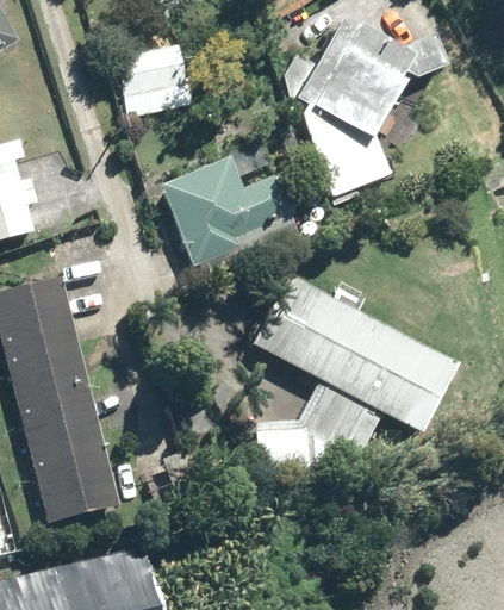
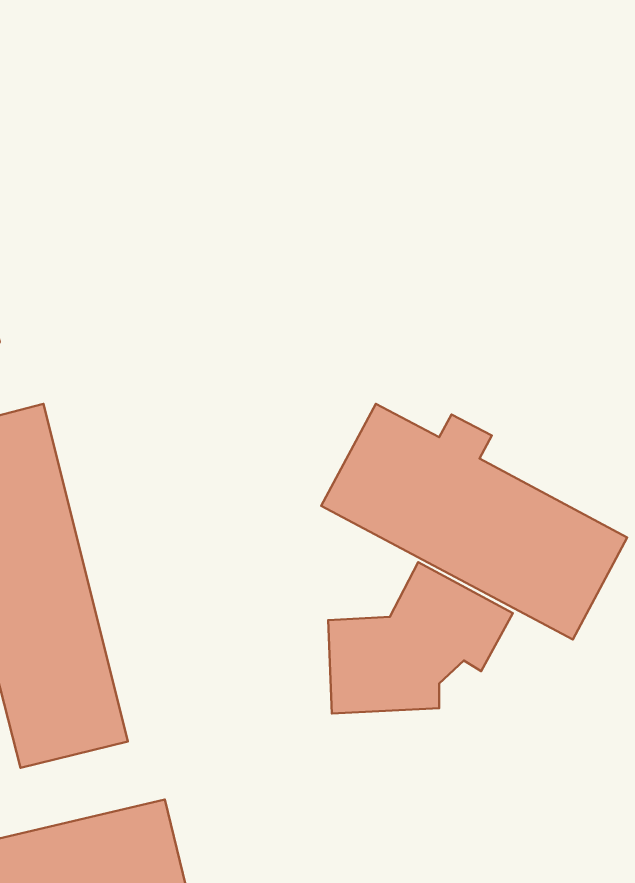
building: [280,27,435,206] -> none
building: [118,44,192,117] -> none
building: [158,160,291,267] -> none

